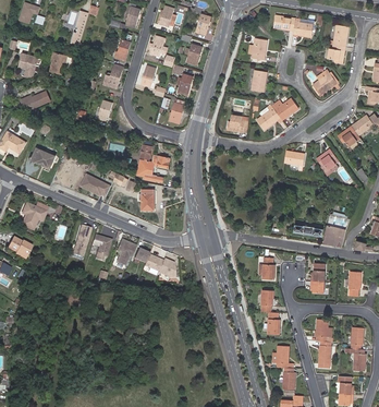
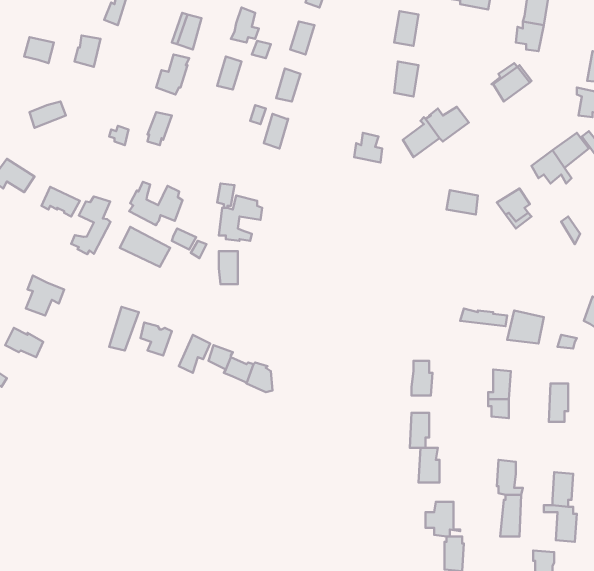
building: none -> [129,182,182,225]
building: none -> [71,196,110,254]

